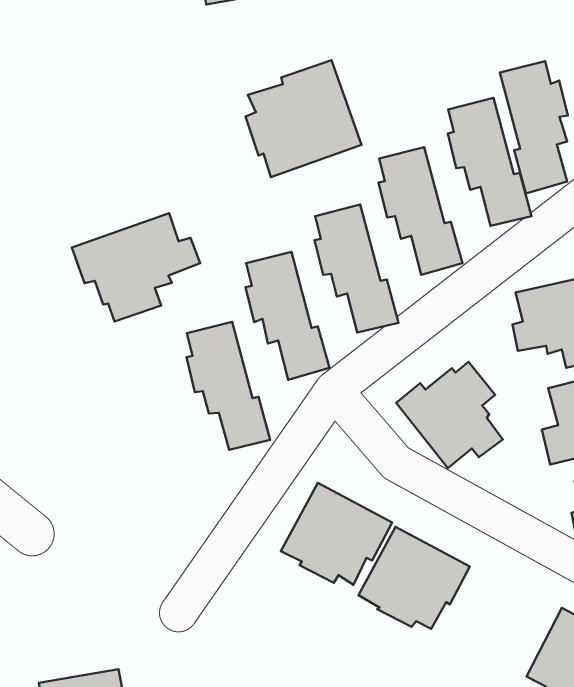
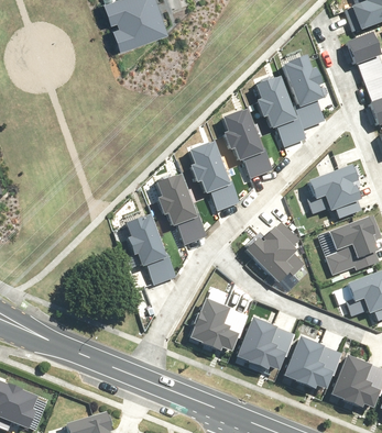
building: [246,60,361,177] -> none
building: [72,213,200,321] -> none
building: none -> [283,335,342,389]

